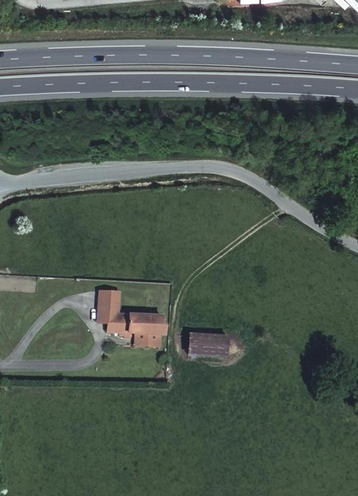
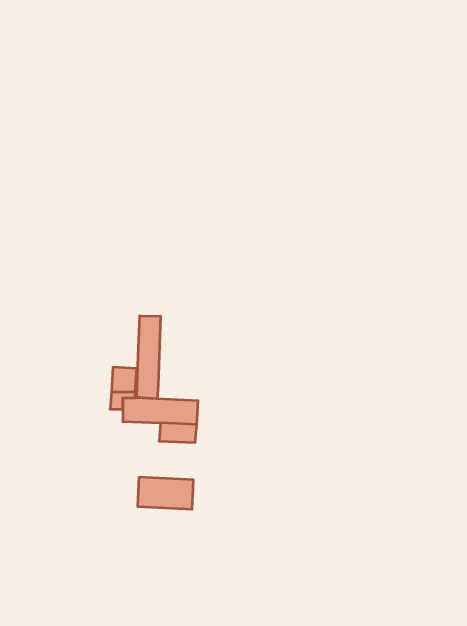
building: none -> [137,316,160,399]
building: [189,332,229,355] -> [138,477,193,509]

